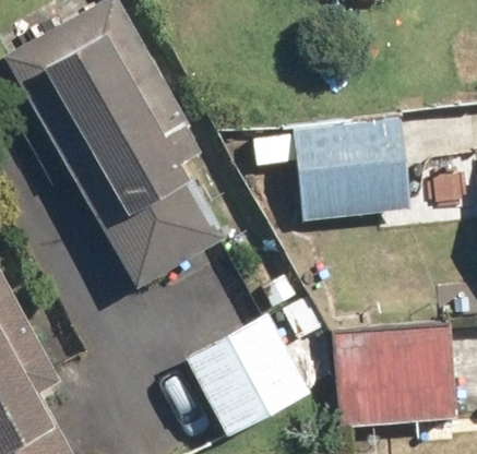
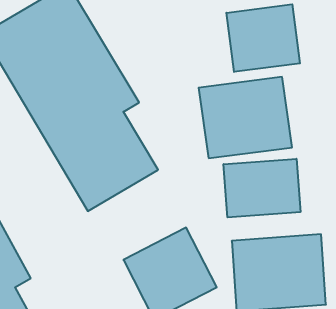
building: none -> [226,4,300,72]
building: none -> [224,159,300,217]

